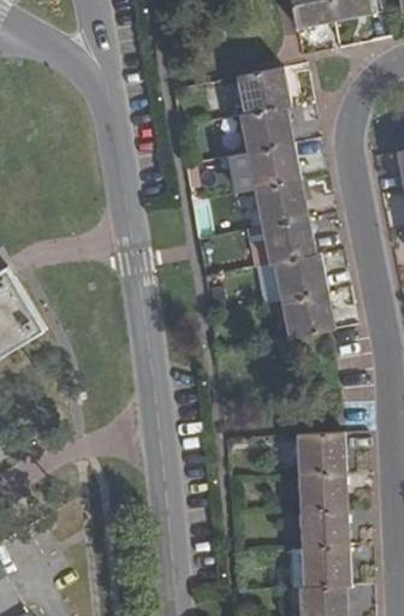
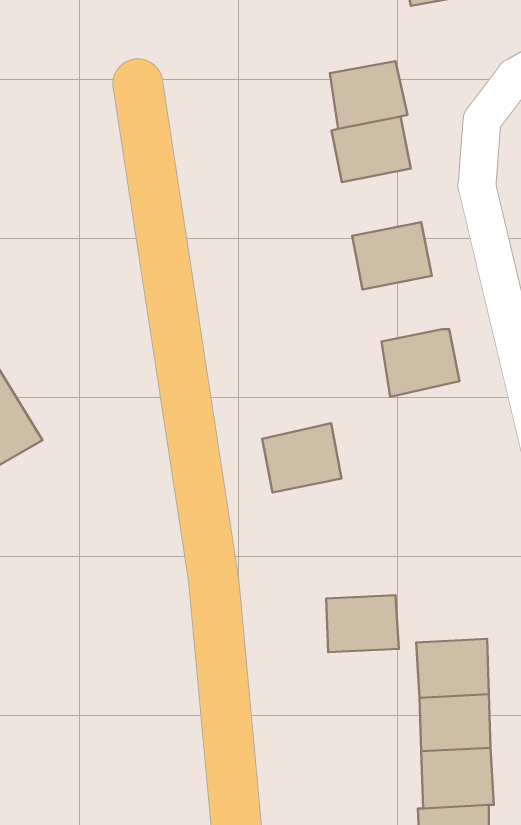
building: [245,142,301,189] -> none
building: [260,217,315,263] -> none
building: [279,290,334,338] -> [262,423,342,492]
building: [296,432,346,472] -> [326,595,399,652]

